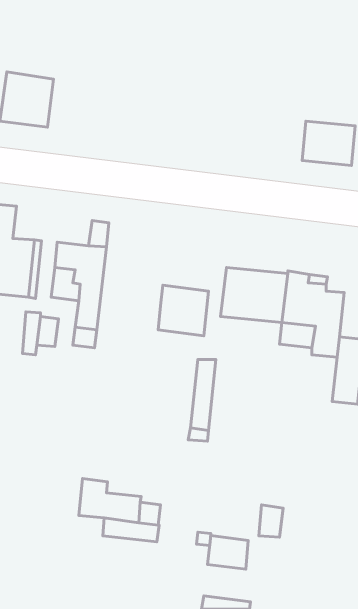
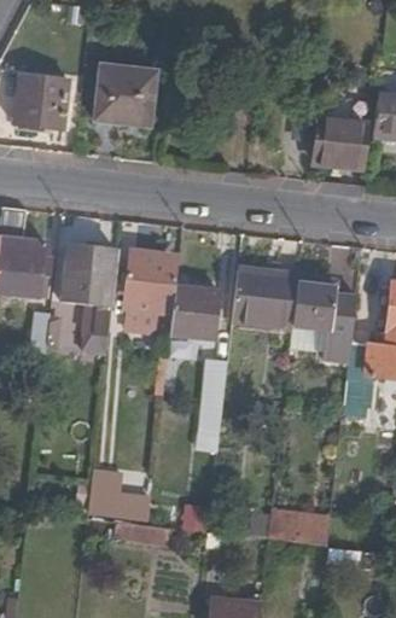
building: none -> [92,65,155,127]
building: none -> [126,251,175,310]
building: [207,536,248,569] -> [290,512,331,546]

